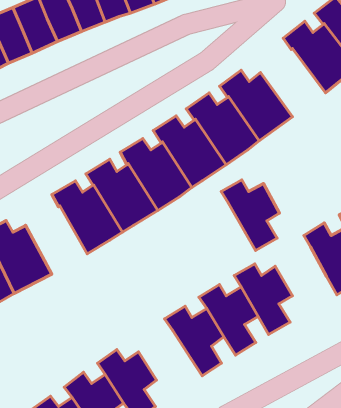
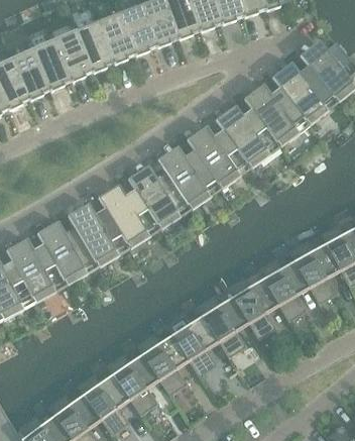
building: none -> [243,84,309,146]
building: [221,180,279,251] -> [258,258,310,321]
building: none -> [36,220,98,286]
building: none -> [136,333,190,395]

